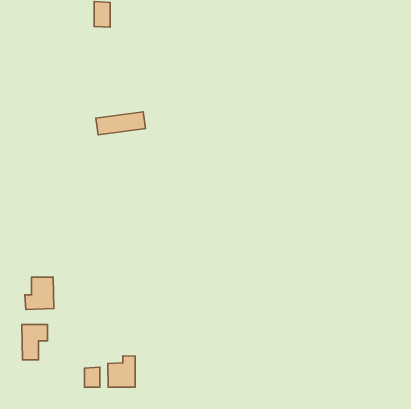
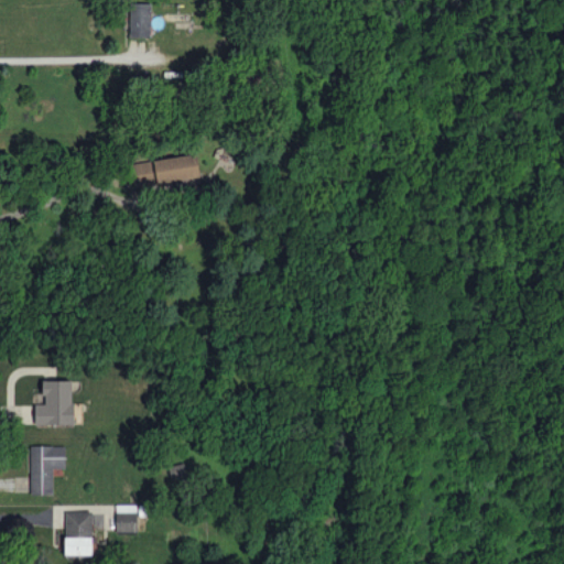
building: [108,356,135,387] -> none
building: none -> [65,512,93,556]

